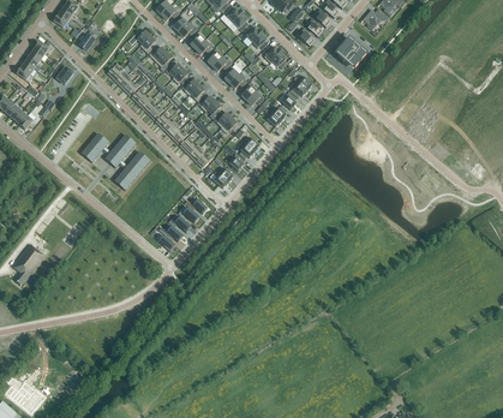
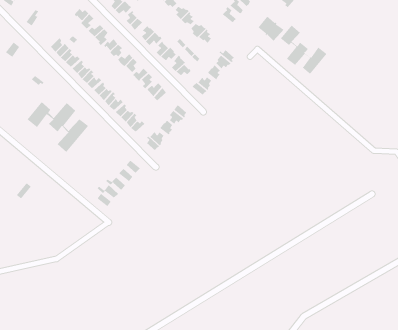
building: none -> [280,24,327,75]

